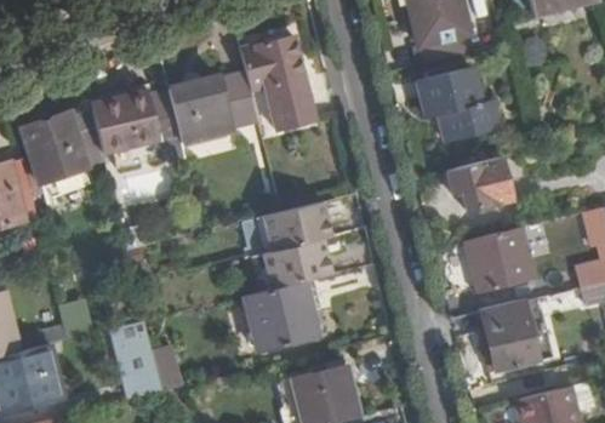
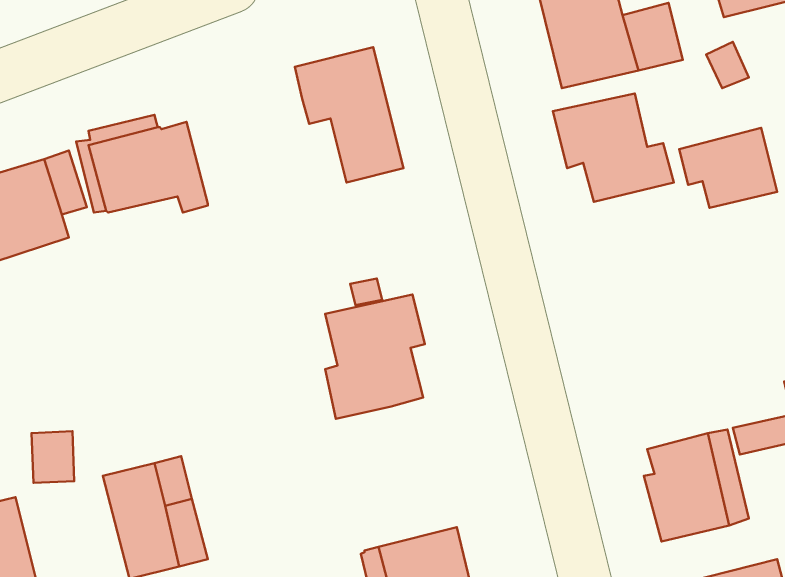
building: [167,72,258,143] -> none
building: [445,155,512,210] -> [679,128,777,208]
building: [463,227,535,293] -> none
building: [244,281,319,351] -> none

